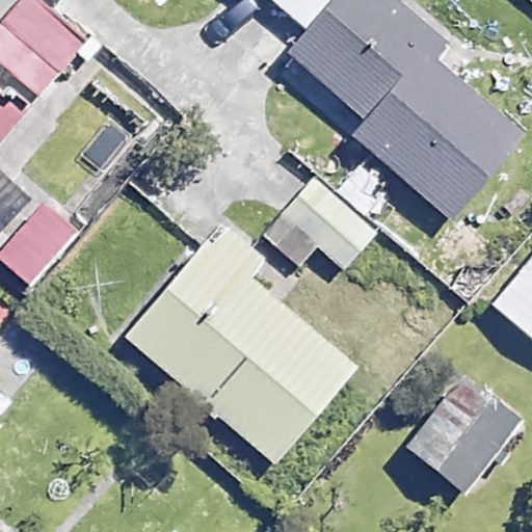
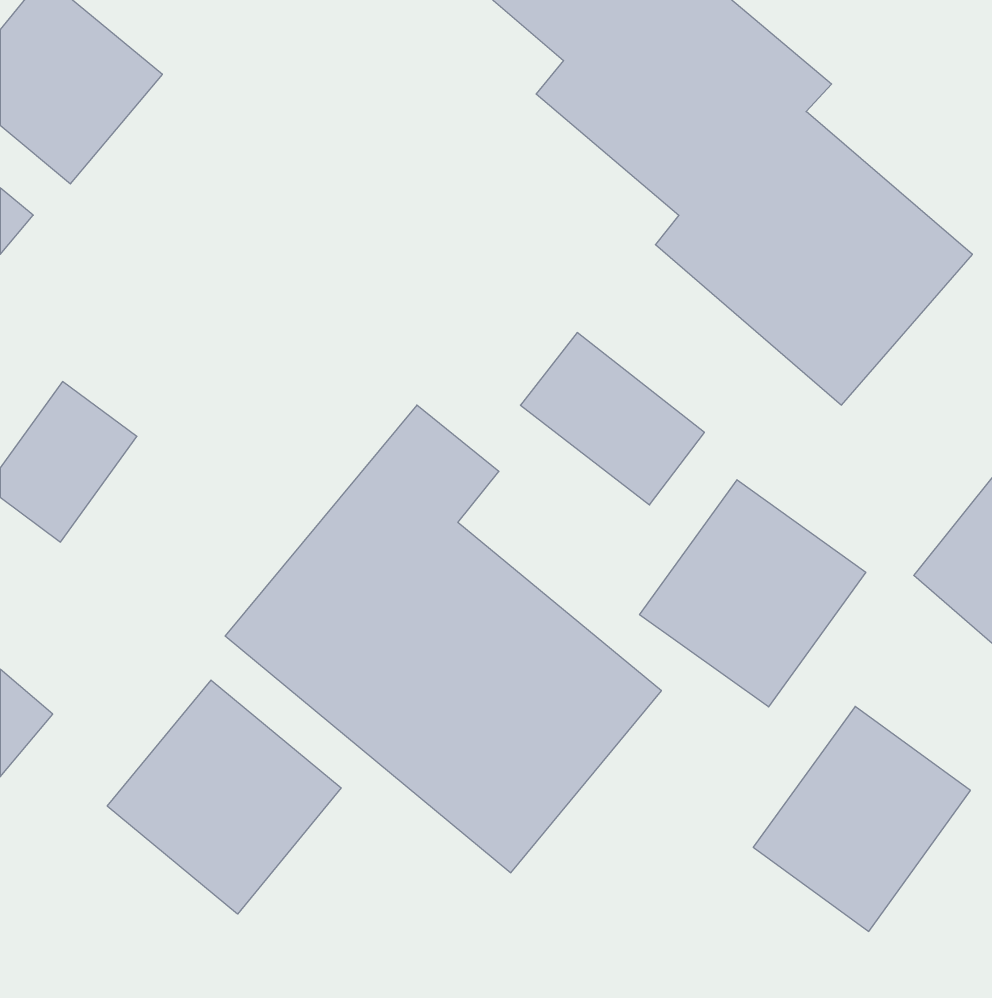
building: none -> [640,480,866,707]
building: none -> [107,680,341,914]

